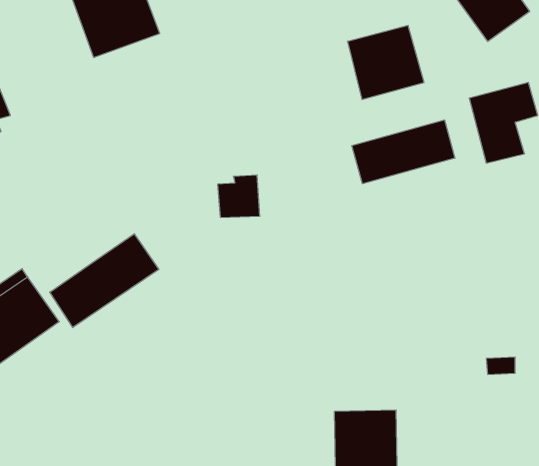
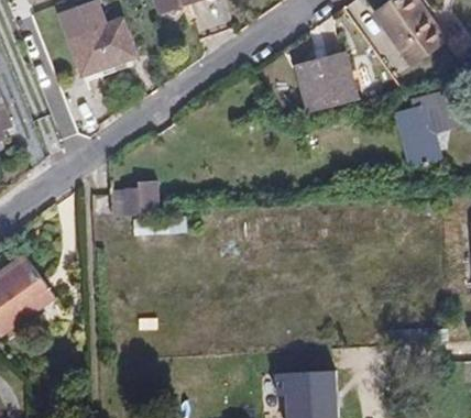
building: [352,120,455,184] -> none
building: [218,175,260,217] -> [125,178,161,213]
building: [50,234,159,328] -> none

